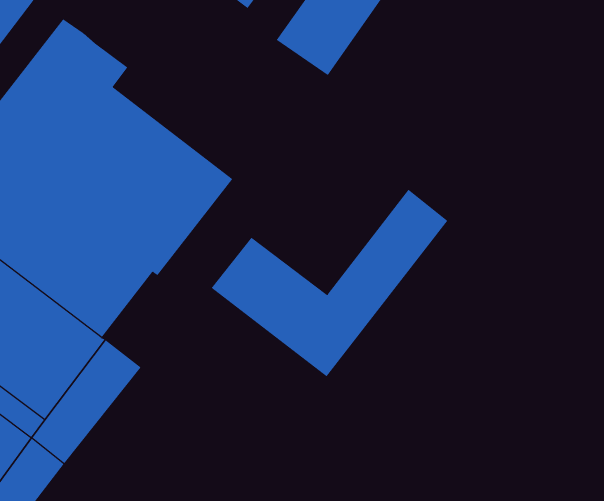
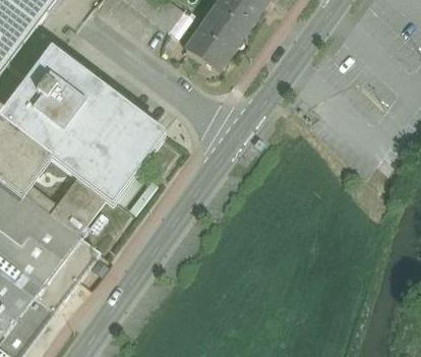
building: [211,189,448,377] -> none

